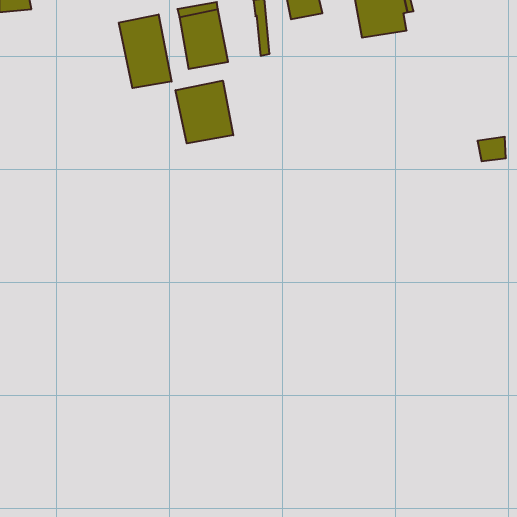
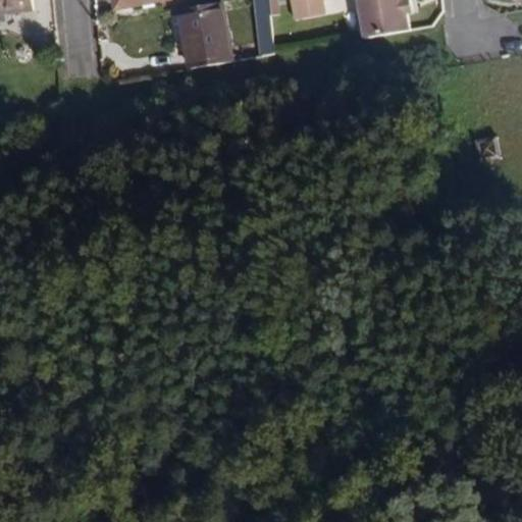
building: [119,14,172,88] -> none
building: [176,81,233,143] -> none

